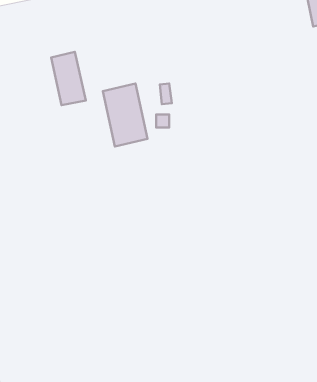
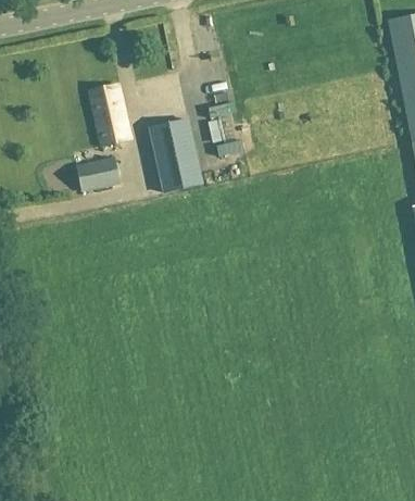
building: none -> [75,158,117,191]

